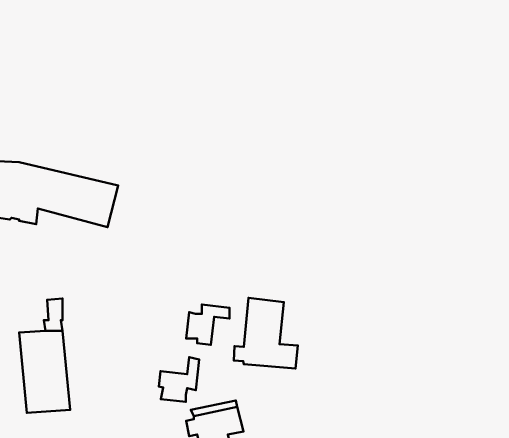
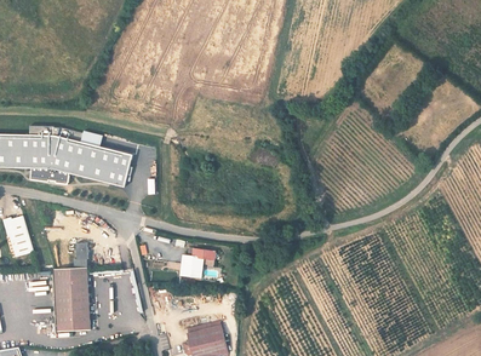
building: [234,298,298,369] -> none
building: [159,357,199,402] -> none

